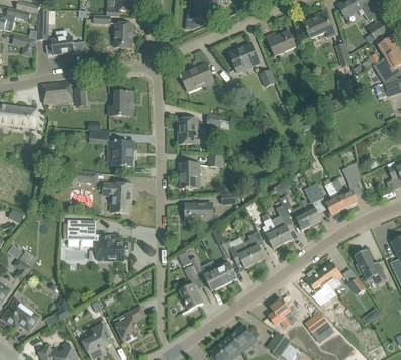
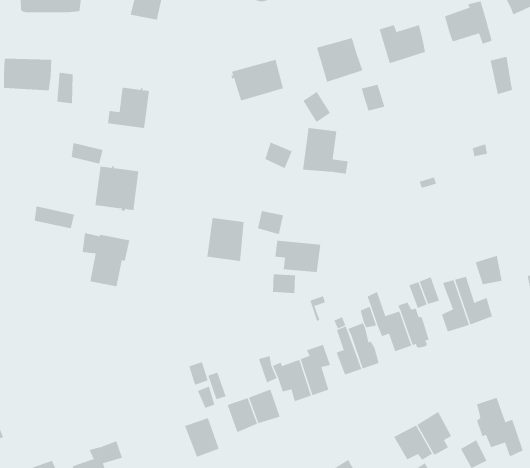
building: [179,118,206,144] -> [302,127,348,174]
building: [185,203,212,221] -> [274,240,321,272]
building: [68,220,128,260] -> none

